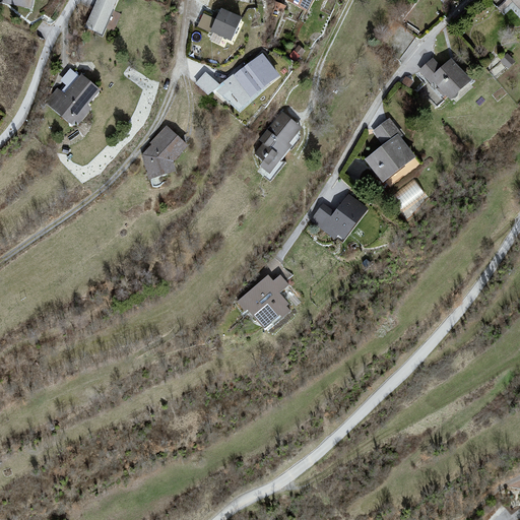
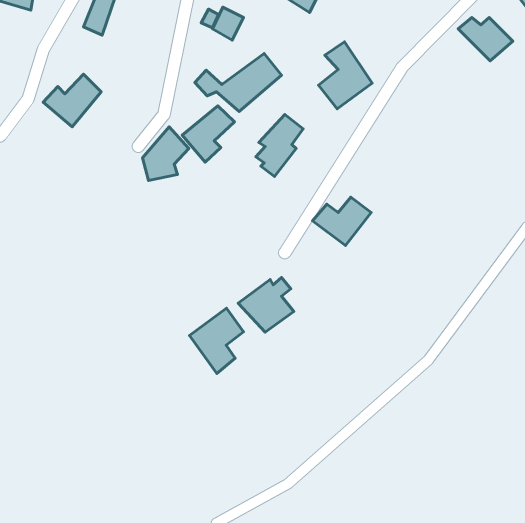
building: [419,58,473,101] -> [458,17,513,61]
building: none -> [182,106,234,162]
building: [365,118,417,184] -> [319,42,372,109]
building: none -> [190,308,243,373]

